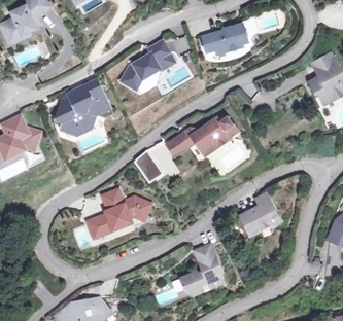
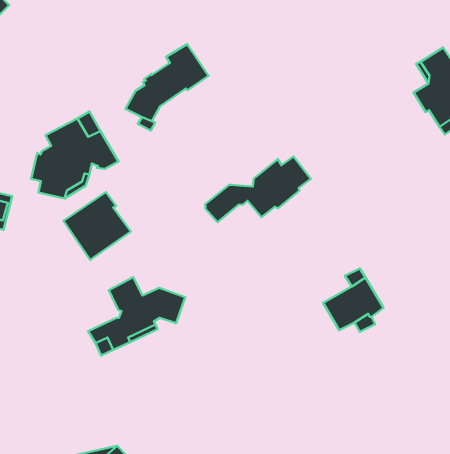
building: [202,24,247,51] -> none
building: [134,142,177,185] -> [64,192,131,260]
building: [178,245,220,296] -> none

